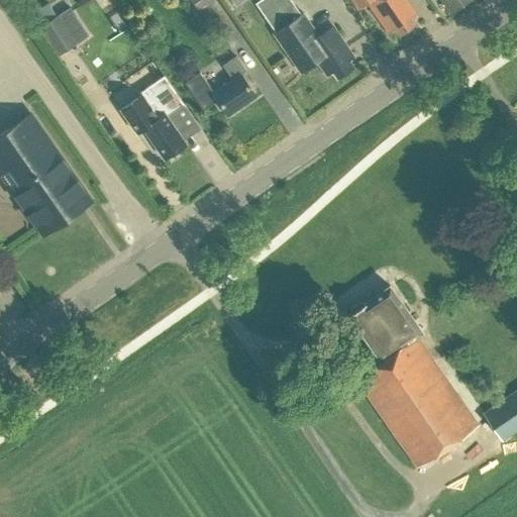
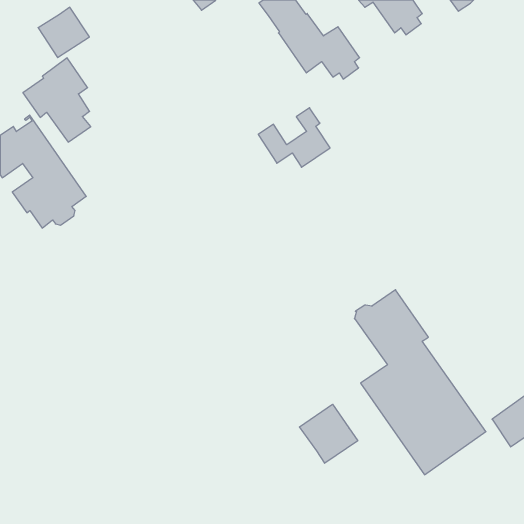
building: [186,57,256,115] -> [258,108,330,167]
building: [120,76,187,159] -> [23,58,91,142]
building: none -> [299,404,358,463]

